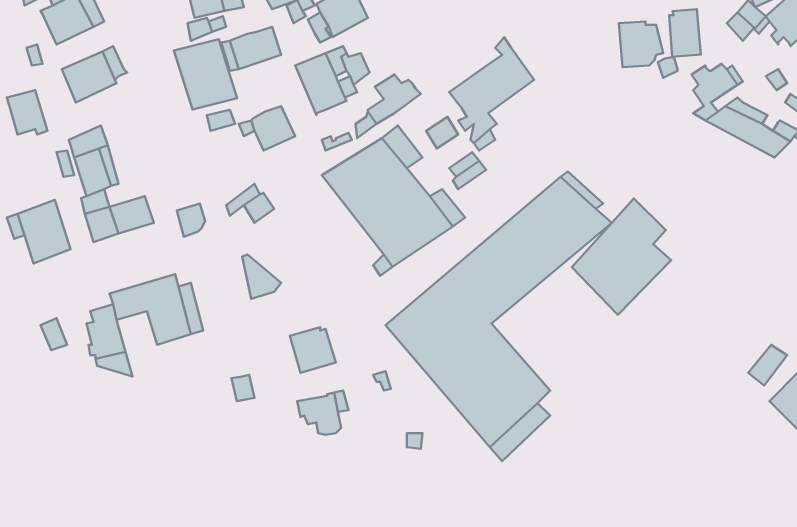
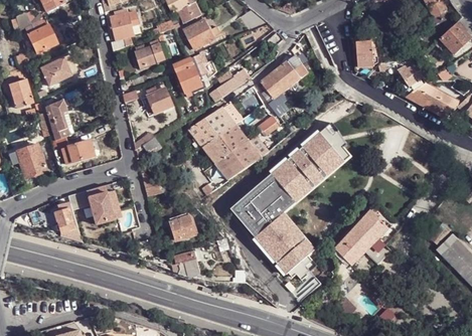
building: [669,9,701,57] -> none
building: [174,39,237,110] -> none
building: [572,198,671,315] -> [335,208,391,275]

